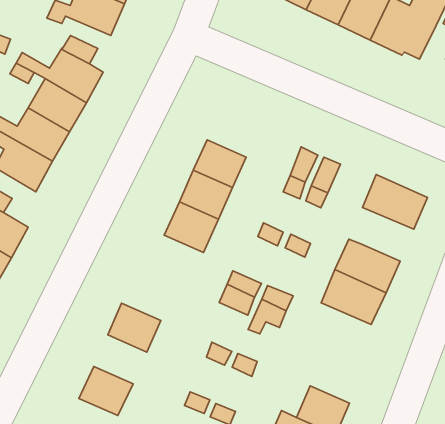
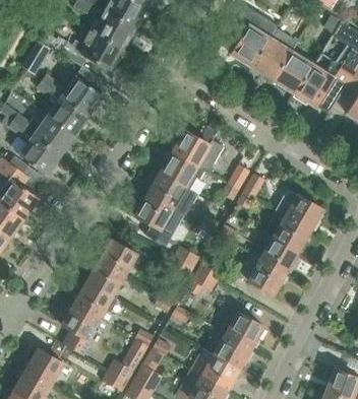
building: none -> [172,129,224,172]
building: none -> [271,211,311,252]
building: none -> [99,239,137,275]
building: none -> [74,281,118,323]
building: none -> [219,308,264,348]

